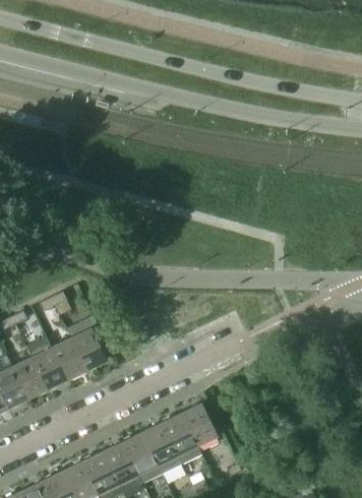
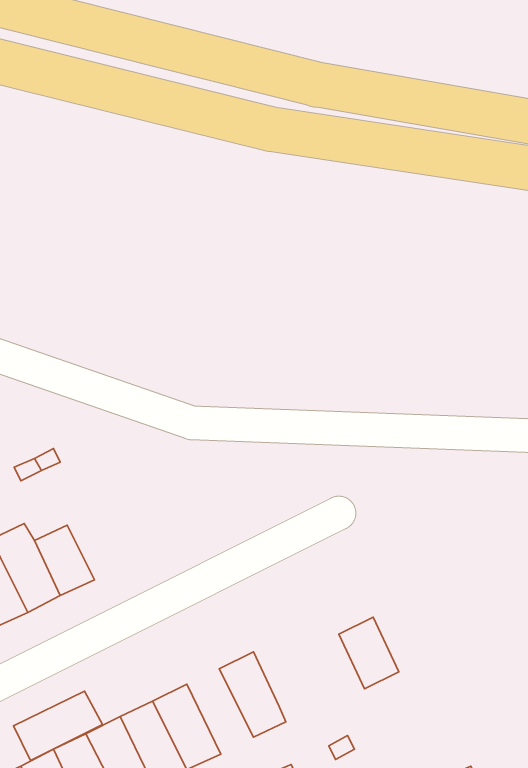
building: [66,317,107,371] -> none
building: [181,403,217,446] -> [339,617,399,689]
building: [141,424,181,475] -> none
building: none -> [14,691,102,761]

